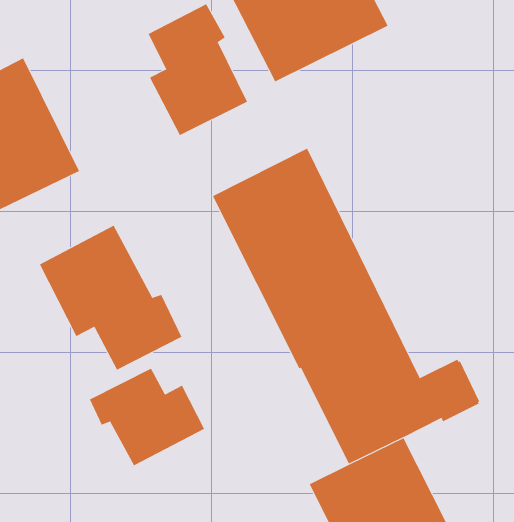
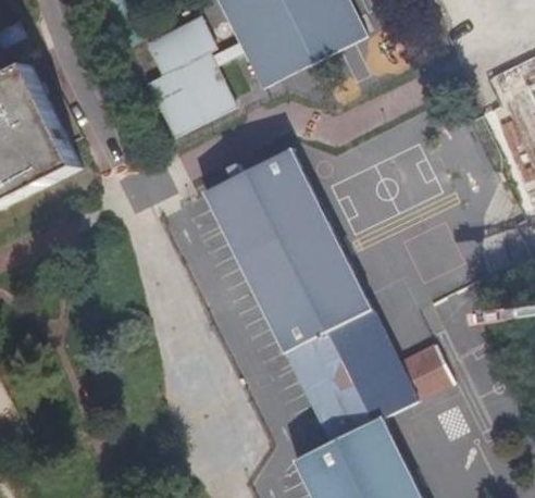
building: [39,225,182,370] -> none
building: [89,368,205,466] -> none

